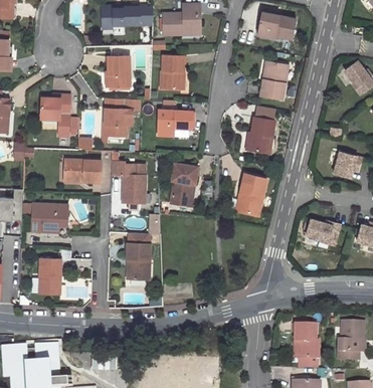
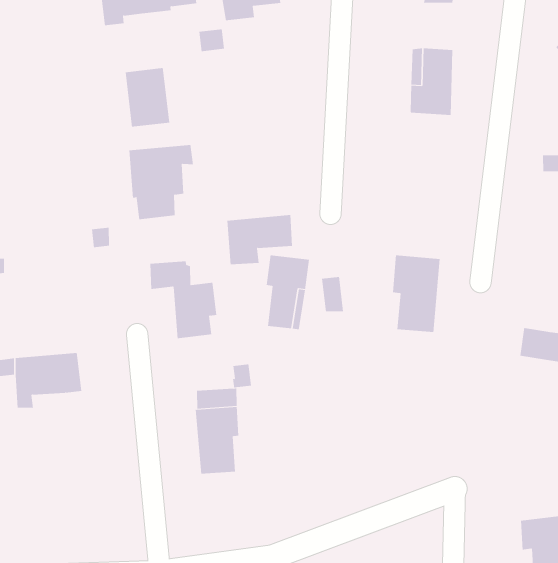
building: [162,56,186,89] -> none
building: [42,94,70,136] -> none
building: [156,111,192,136] -> [226,215,293,265]
building: [249,118,275,153] -> none
building: [63,159,101,182] -> none
building: [40,259,60,294] -> none

